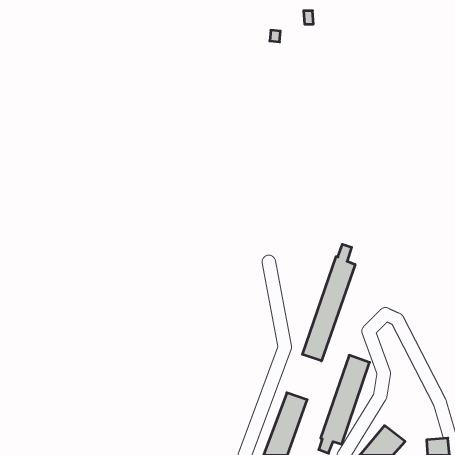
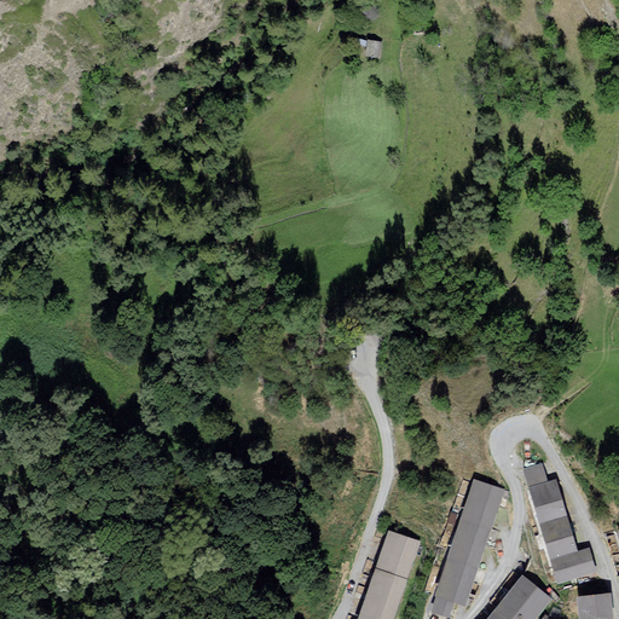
building: [302,244,355,361] -> none
building: none -> [523,464,594,582]

